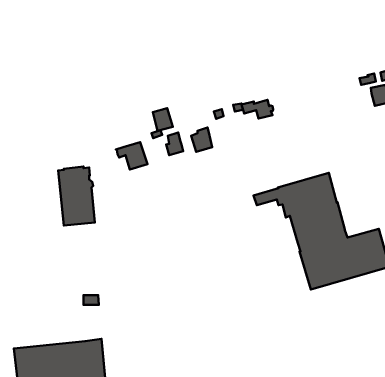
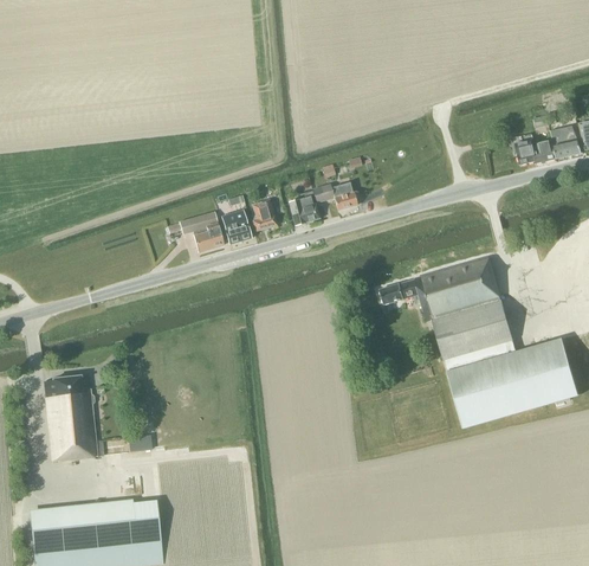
building: none -> [514,139,556,163]
building: [242,100,273,118] -> [312,181,358,208]
building: [153,108,173,131] -> [221,210,251,243]
building: [58,167,95,226] -> [44,374,97,461]

